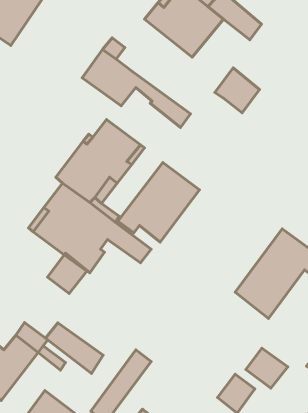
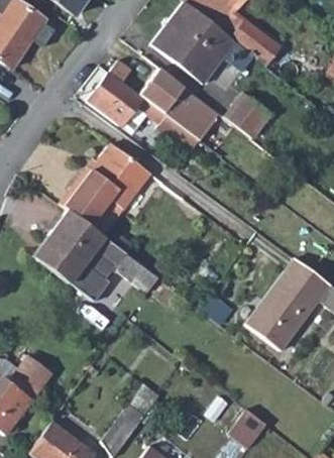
building: none -> [140,68,221,140]
building: [118,162,200,242] -> none
building: [47,255,87,294] -> none
building: [45,323,103,373] -> none
building: [246,348,288,388] -> none

